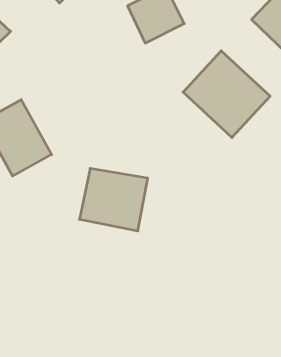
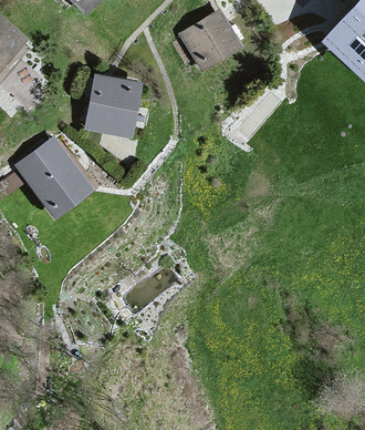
building: [183,51,270,138] -> none
building: [79,168,148,231] -> [86,73,164,144]

